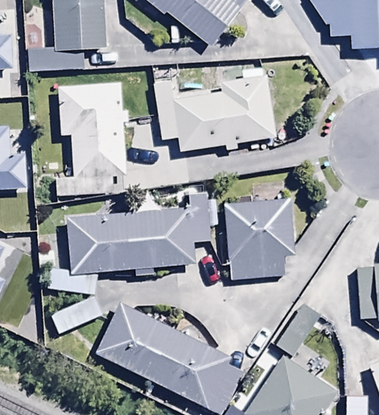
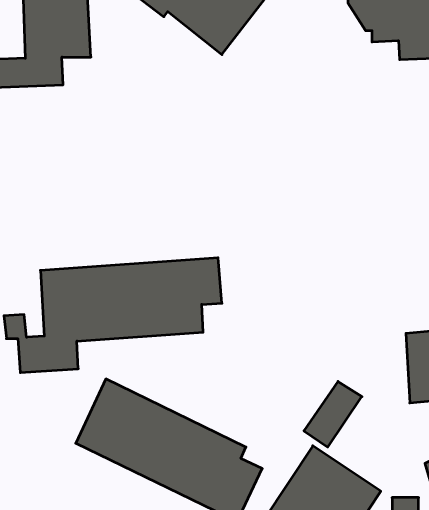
building: [154,74,277,152] -> none
building: [56,83,129,195] -> none
building: [225,185,294,278] -> none

